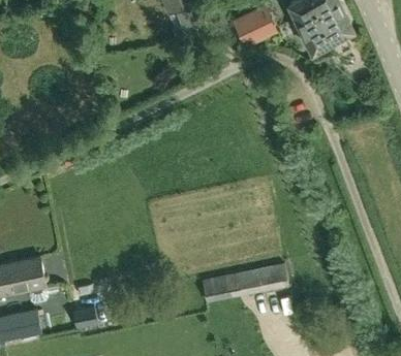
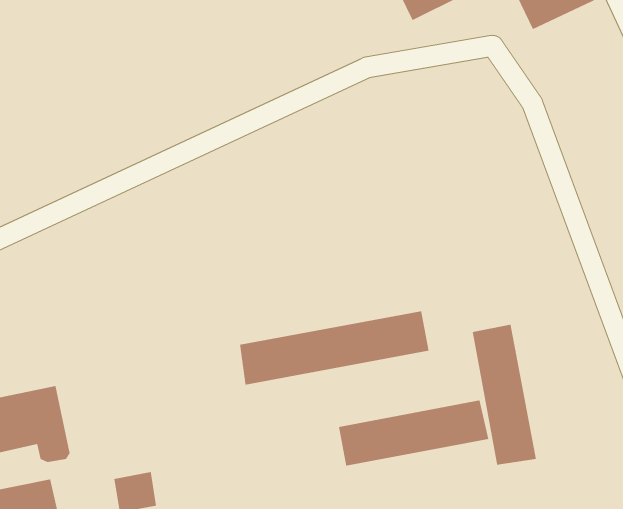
building: none -> [239,310,429,386]
building: none -> [472,324,536,465]

